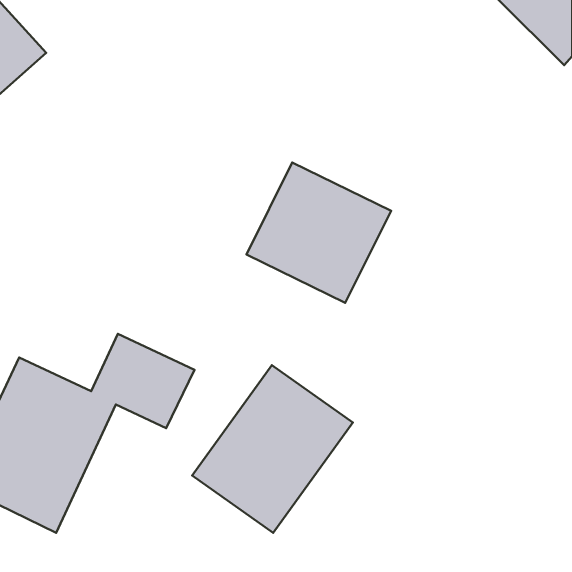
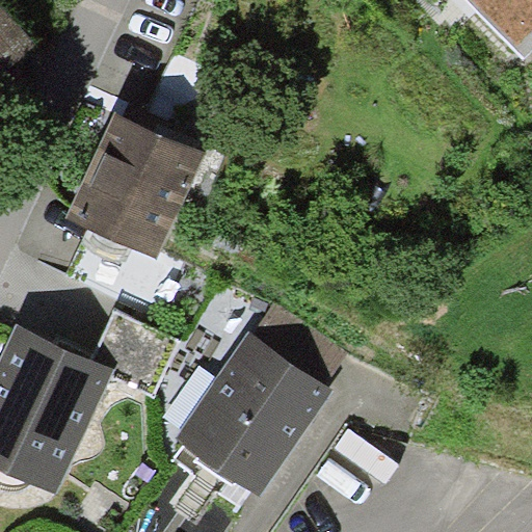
building: none -> [70,113,205,258]
building: [246,163,391,303] -> none

